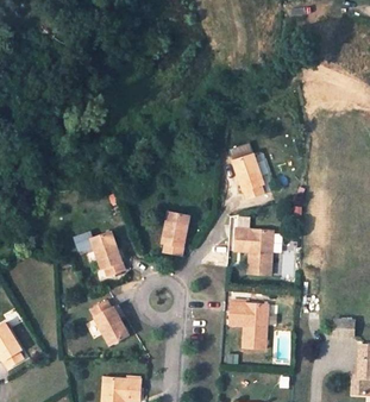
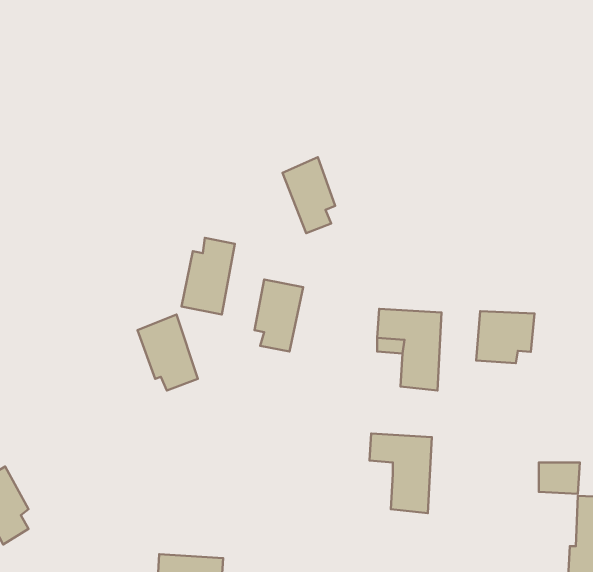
building: [232,151,264,197] -> [283,157,335,233]
building: none -> [181,238,235,314]
building: none -> [476,311,534,363]
building: [90,301,127,346] -> none

